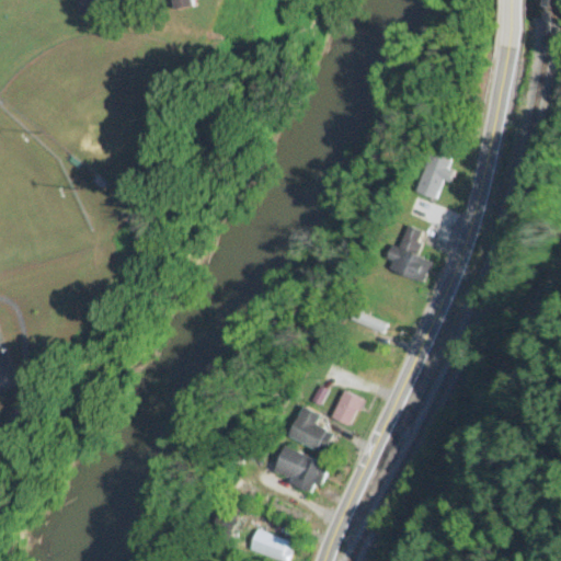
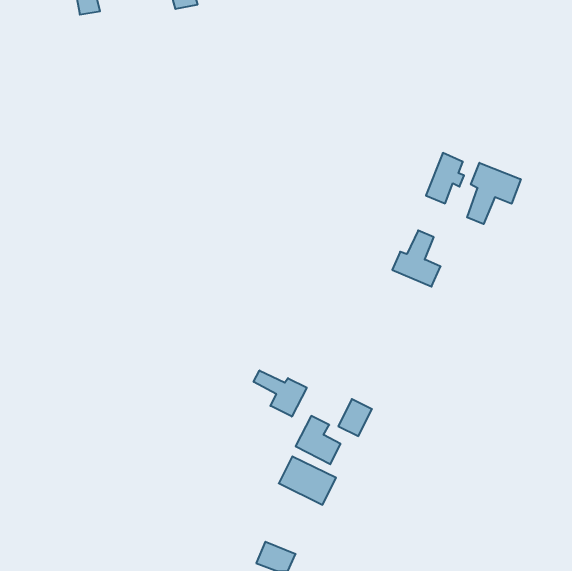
building: none -> [467,163,521,224]
building: none -> [254,370,307,417]

